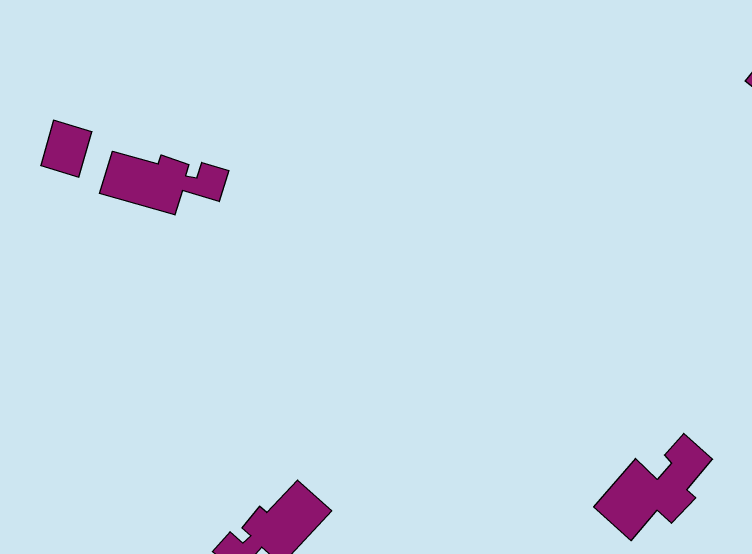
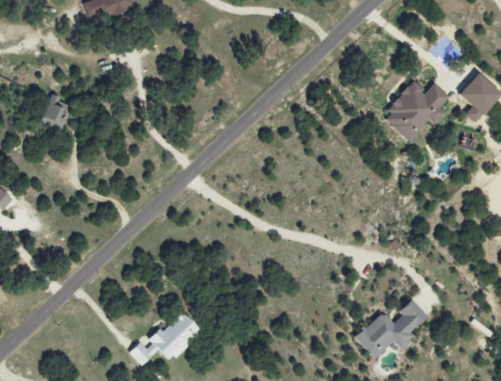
building: none -> [382,80,450,142]
building: [100,151,229,215] -> none

